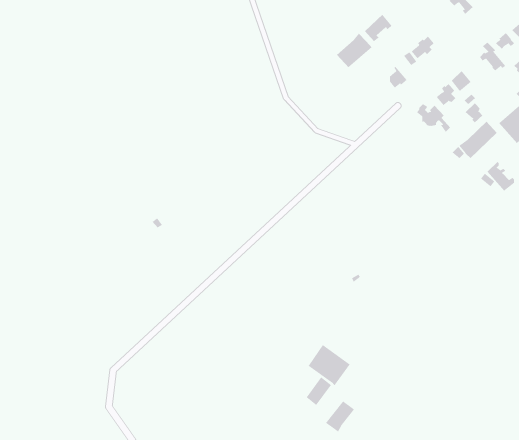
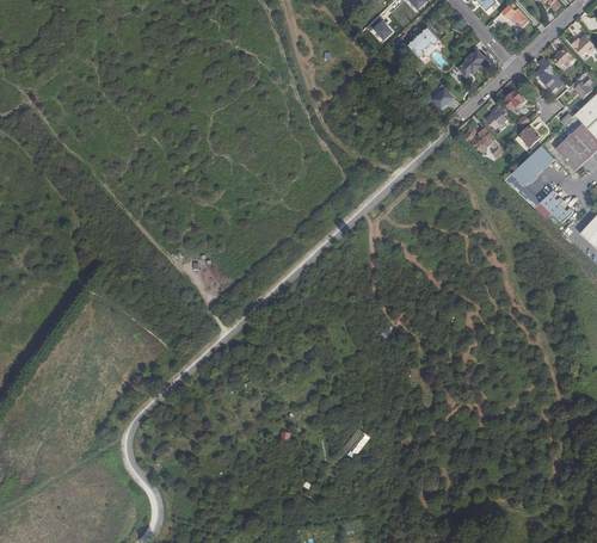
building: [336,33,372,68] -> none
building: [308,344,351,386] -> none
building: [325,400,355,432] -> none

